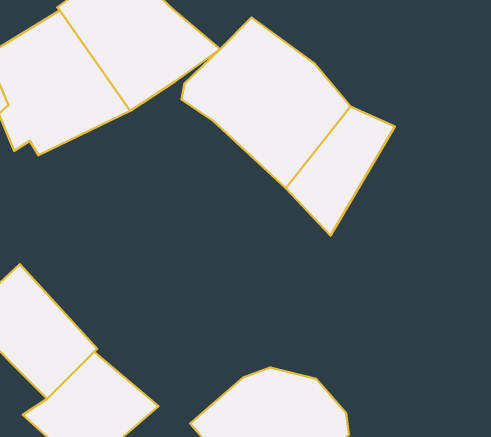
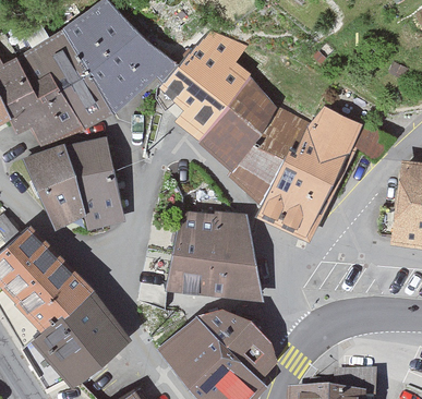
building: none -> [257,106,364,237]
building: none -> [26,136,123,229]
building: none -> [166,208,263,301]

